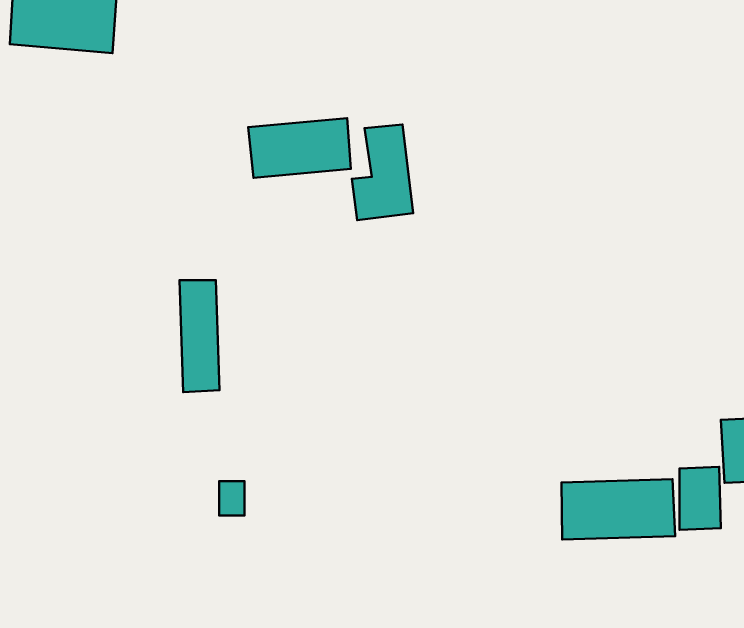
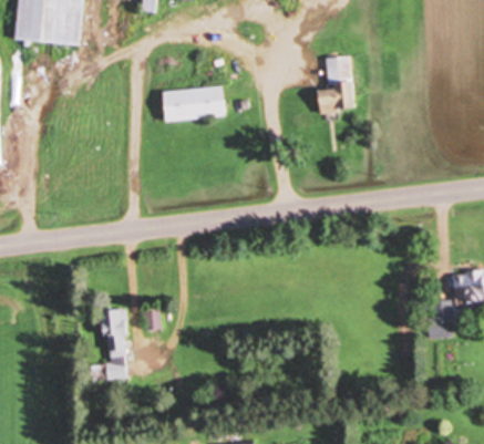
building: [352,125,413,220] -> [318,55,356,114]
building: [180,280,219,392] -> [104,309,128,378]
building: [562,479,675,539] -> none

